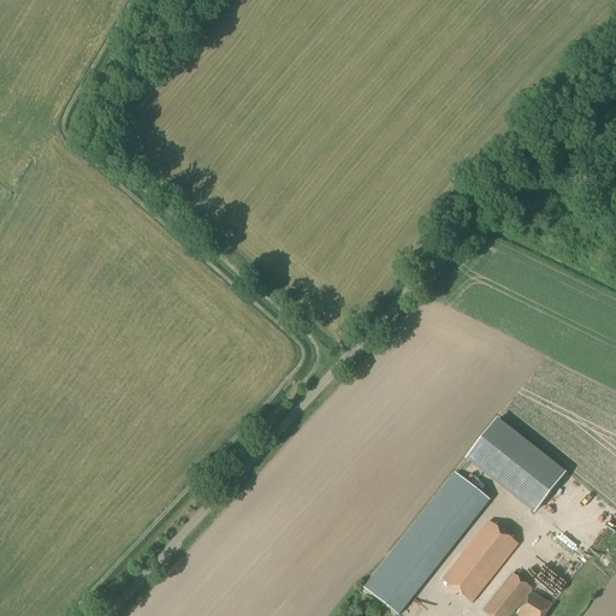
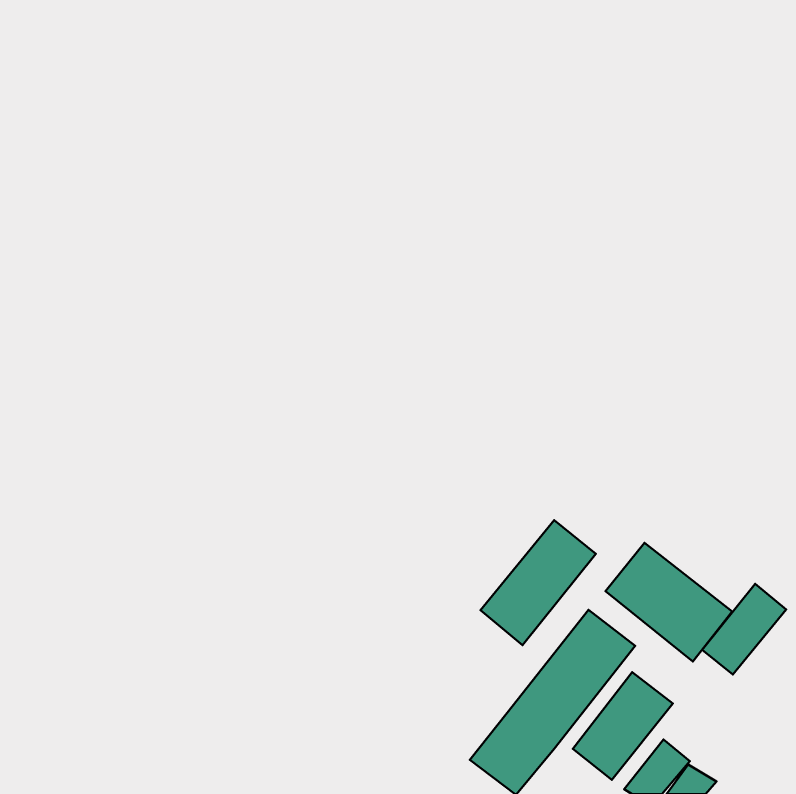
building: none -> [480,520,596,645]
building: none -> [702,584,786,674]

